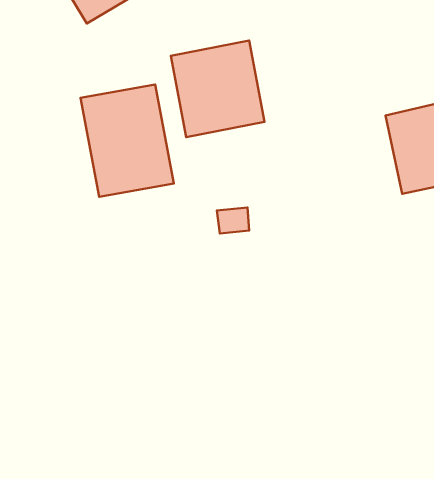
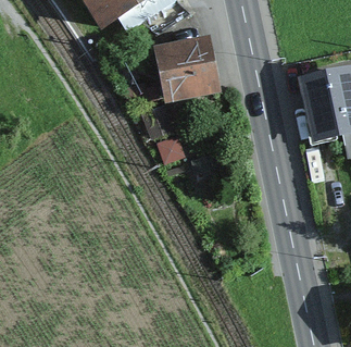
building: [80,84,174,197] -> none

